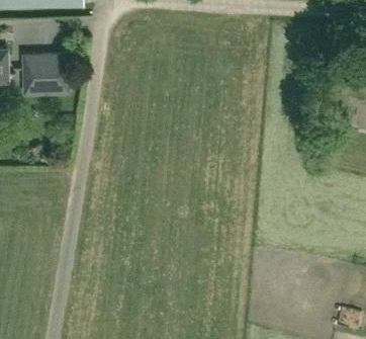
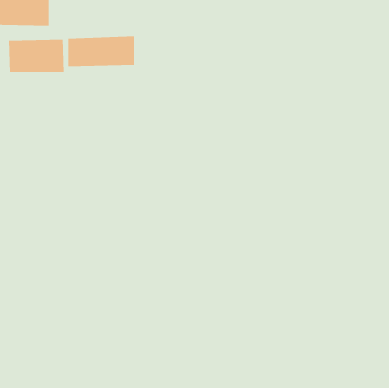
building: none -> [67,36,135,67]

